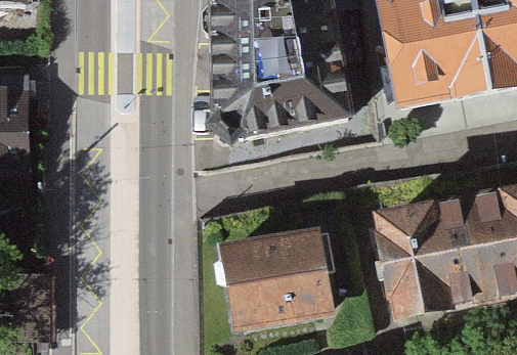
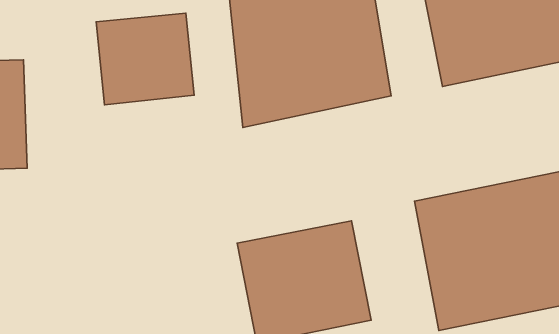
building: none -> [96,13,194,105]

